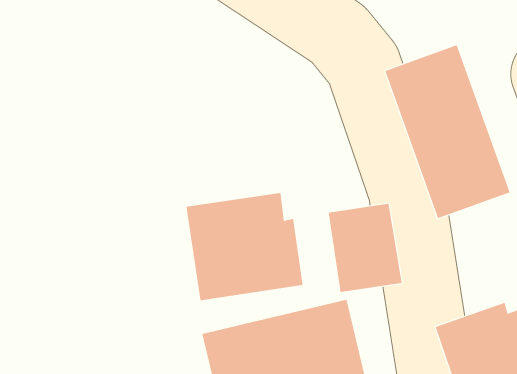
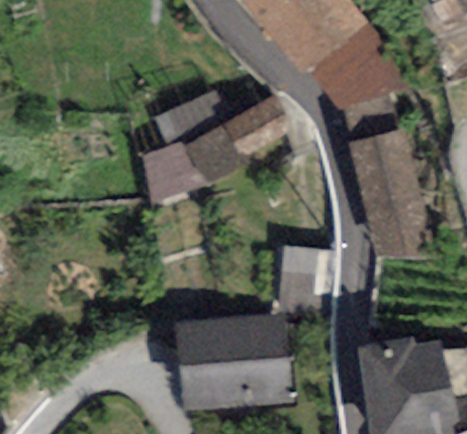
building: none -> [142,88,298,195]
building: [186,192,303,301] -> none

